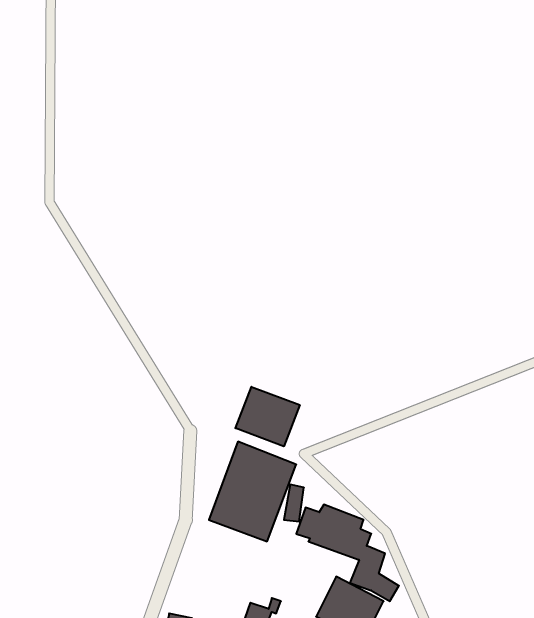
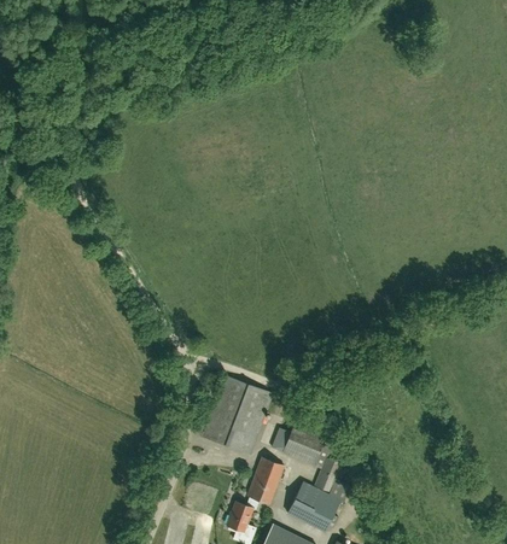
building: [235,387,300,446] -> none
building: none -> [249,457,284,504]

